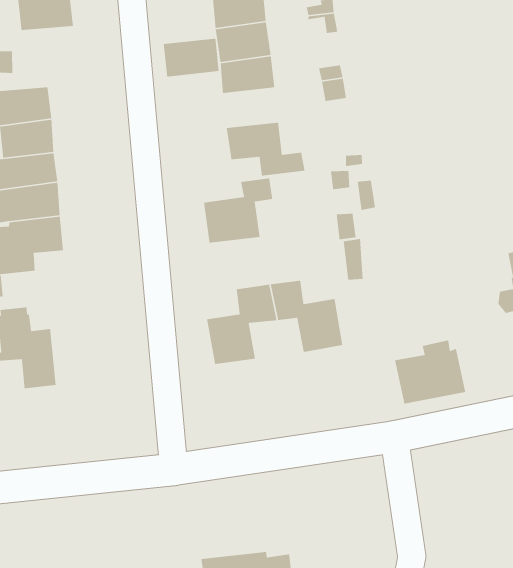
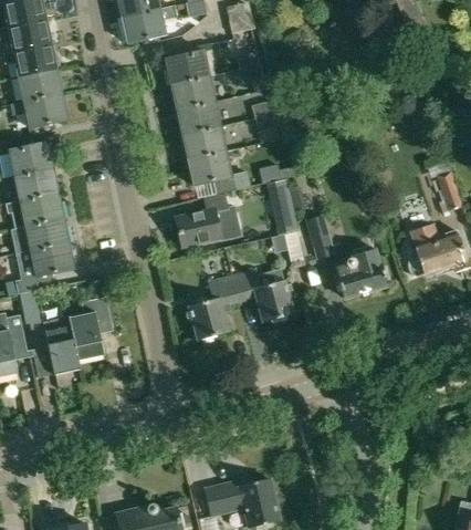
building: none -> [12,94,69,126]
building: [163,38,220,77] -> [181,124,227,158]
building: none -> [306,216,334,260]
building: none -> [70,295,113,368]
building: [394,340,466,405] -> [333,243,390,297]

